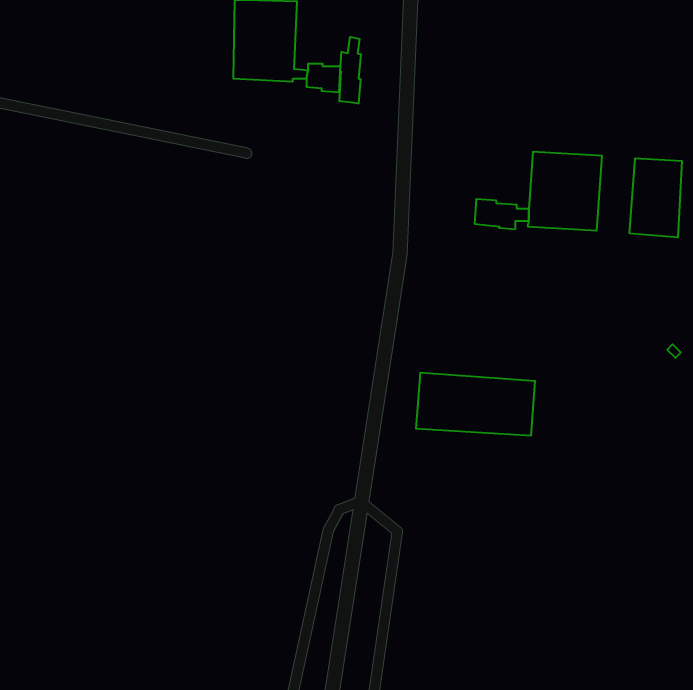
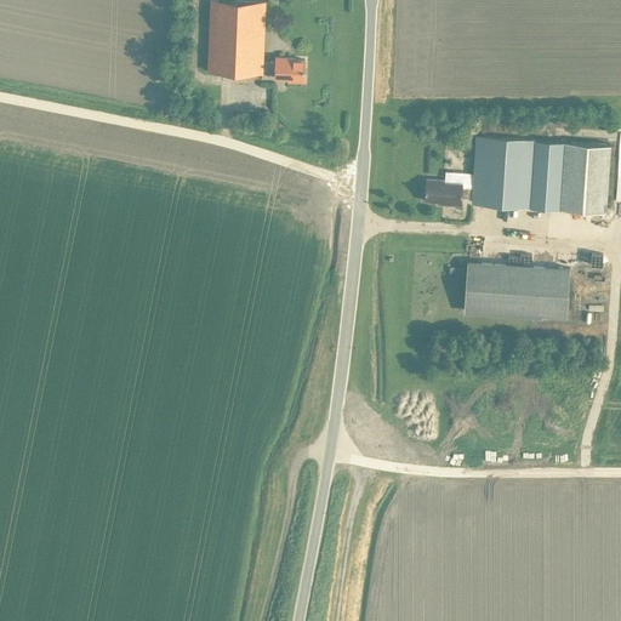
building: [339,37,361,104] -> none
building: none -> [534,142,568,211]
building: [416,373,535,435] -> [463,263,570,319]

